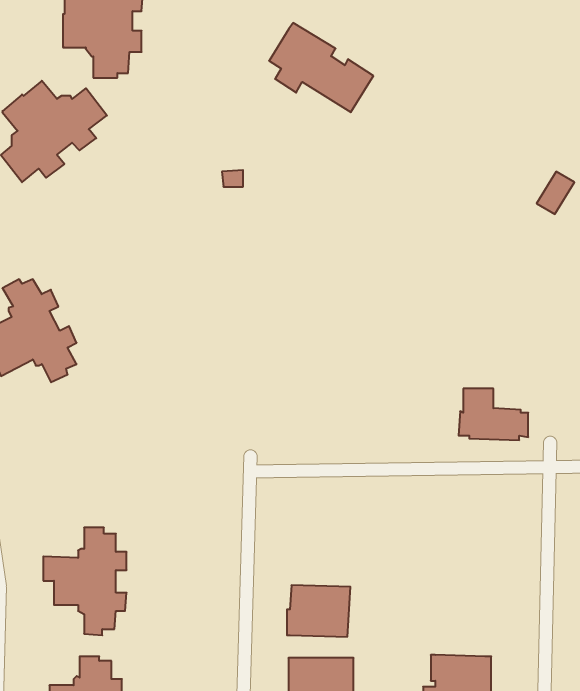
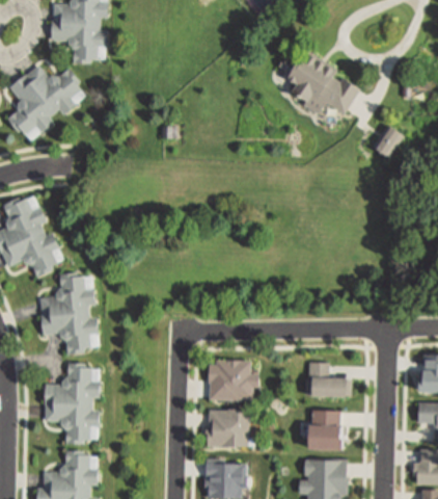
building: [269,23,373,112] -> [289,52,360,113]
building: none -> [38,274,98,349]
building: [459,389,528,440] -> [304,363,352,398]
building: none -> [207,361,258,399]
building: none -> [302,412,347,452]

